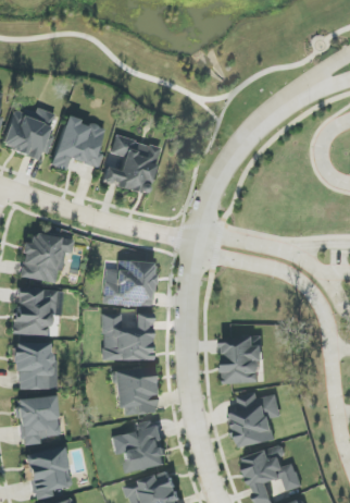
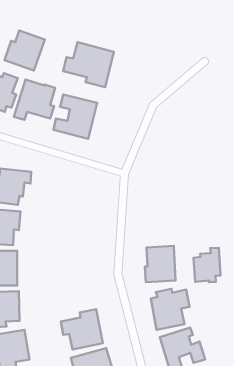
building: none -> [4,30,45,71]
building: none -> [63,42,114,87]
building: [103,260,155,306] -> none
building: [102,314,152,360] -> none
building: none -> [194,248,220,282]
building: [113,367,159,416] -> none

